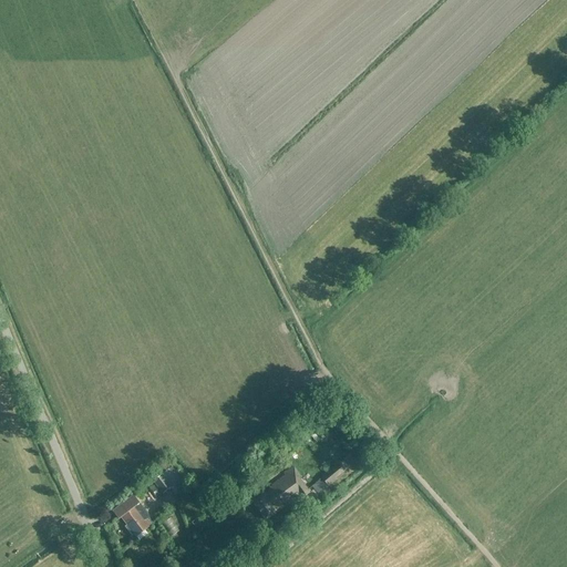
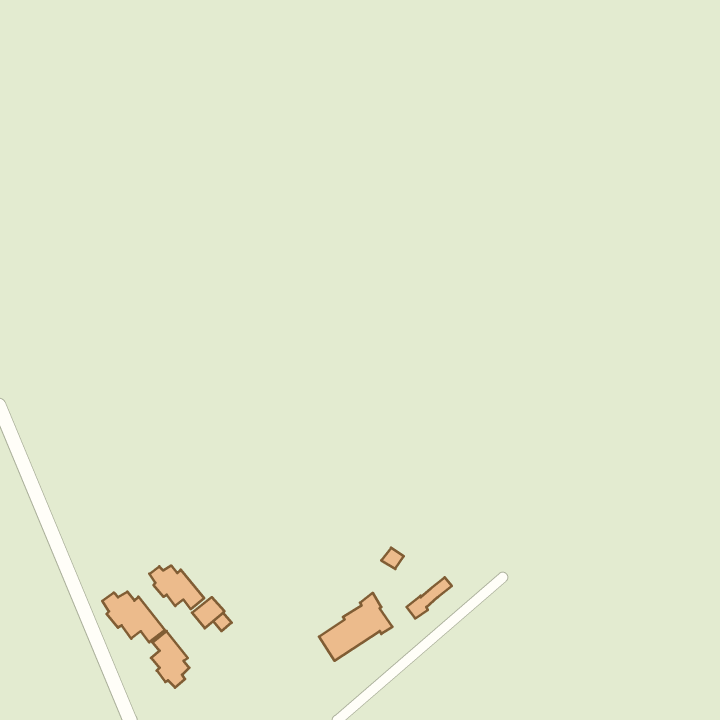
building: none -> [149,566,204,609]
building: none -> [102,592,165,642]

